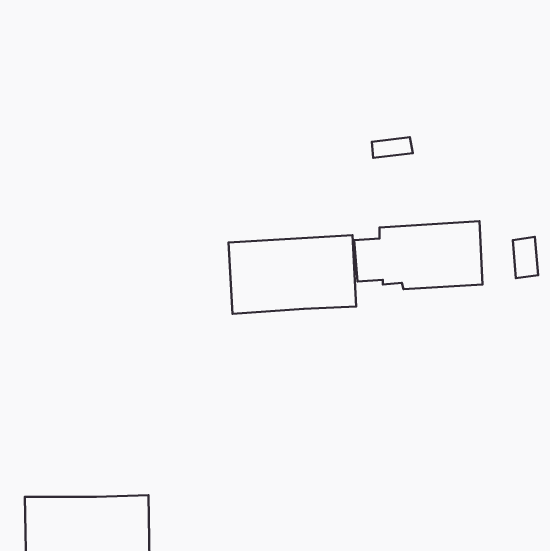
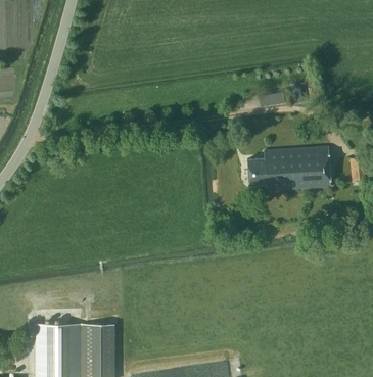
building: [229,235,356,314] -> none

